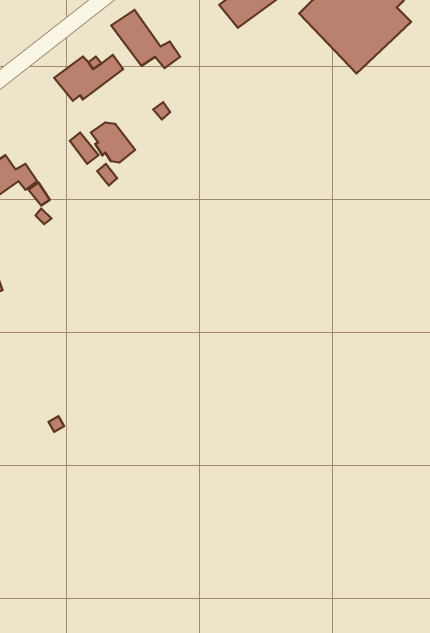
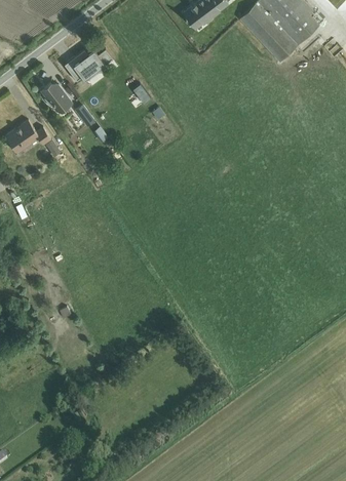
building: [111,10,180,68] -> none
building: [91,122,135,163] -> [40,82,72,111]

